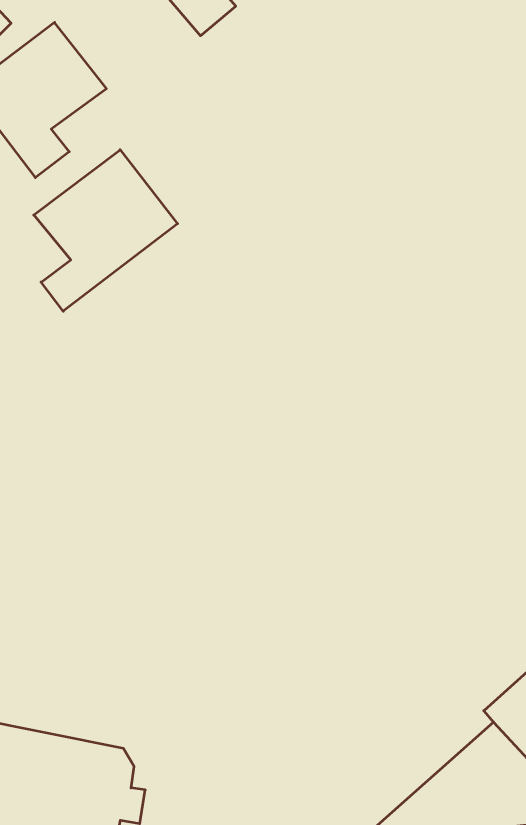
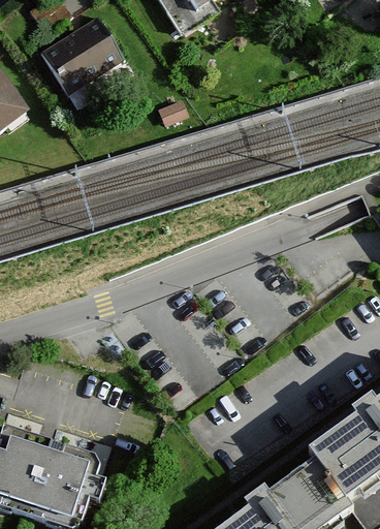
building: [34,150,178,311] -> none

